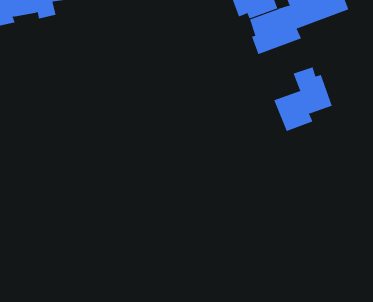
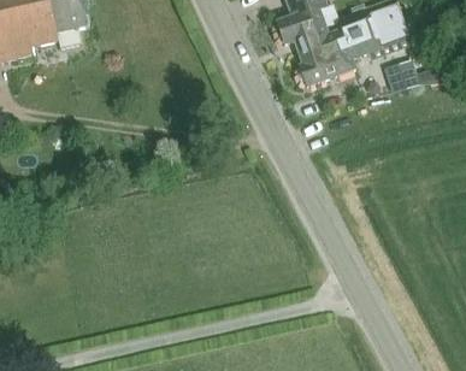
building: none -> [382,59,419,93]
building: [274,66,333,132] -> none

